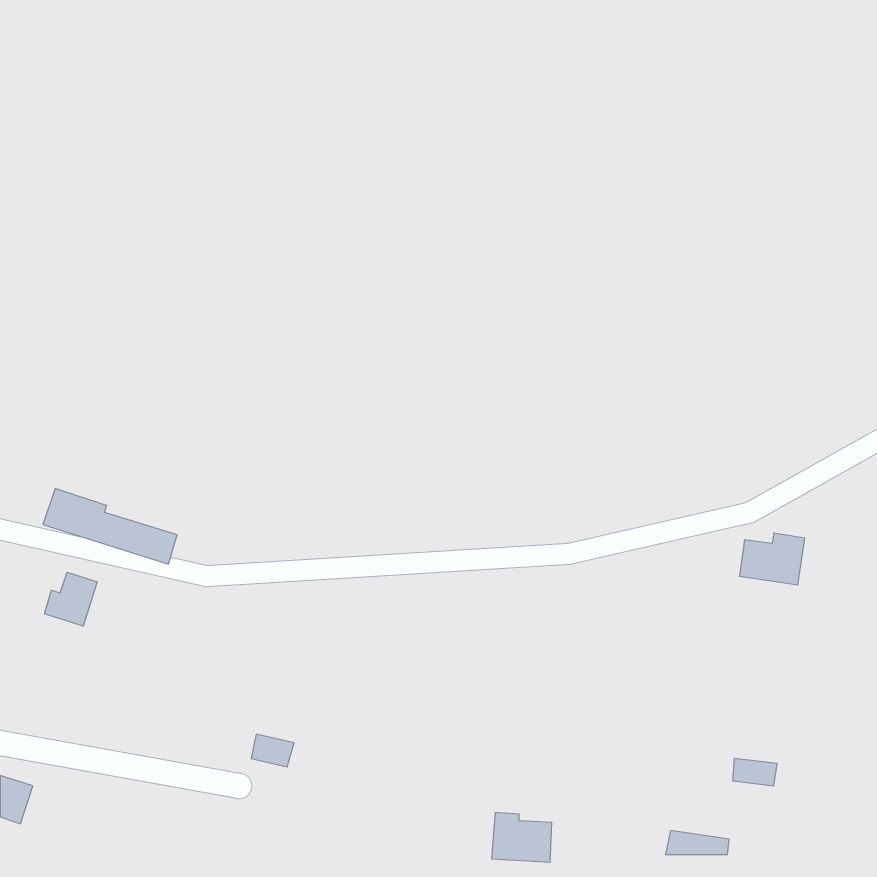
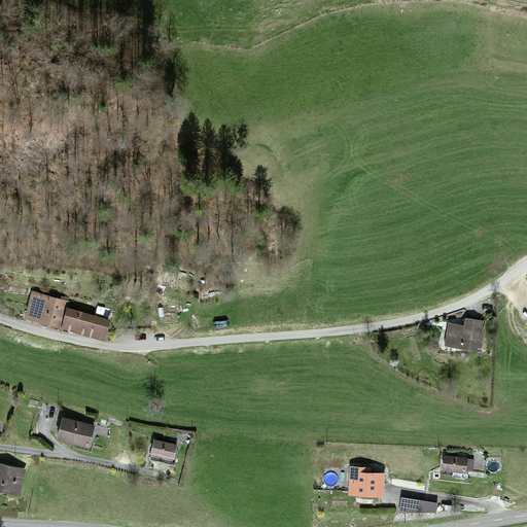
building: [45,572,97,626] -> none
building: none -> [56,417,94,447]
building: [492,812,552,862] -> [350,466,386,496]

